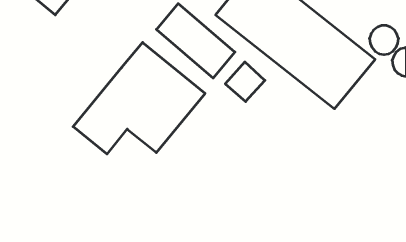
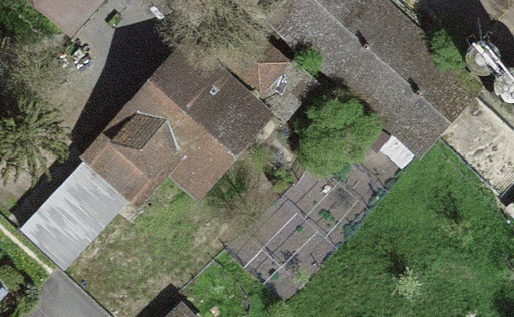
building: none -> [26,174,110,259]

